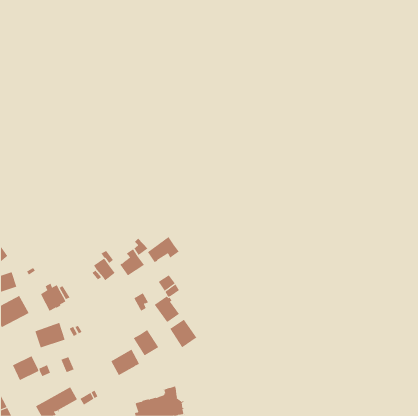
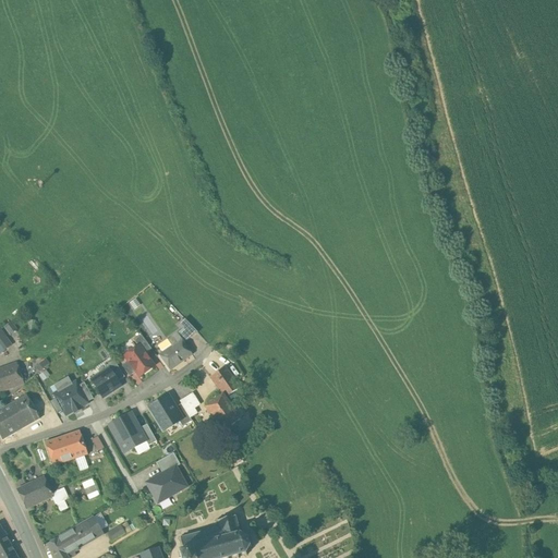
building: [147,236,179,263] -> none
building: none -> [92,367,121,396]
building: none -> [109,411,146,451]
building: [169,319,197,348] -> none
building: [133,329,159,356] -> [148,393,183,429]

